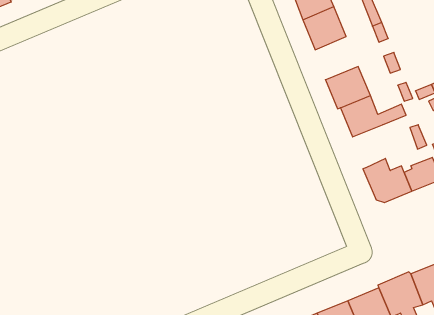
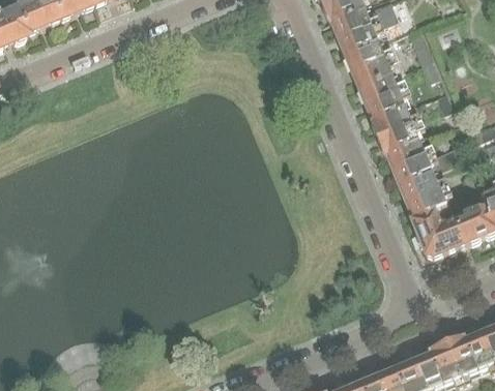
building: none -> [358,74,406,121]
building: none -> [400,172,446,219]

